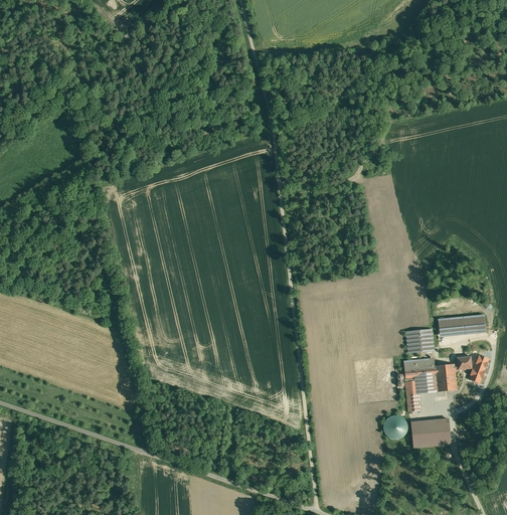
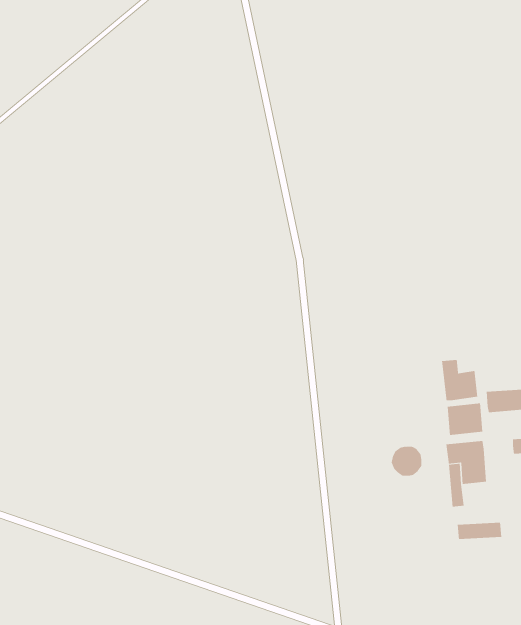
building: none -> [442,359,478,401]
building: [436,363,458,391] -> none
building: [382,415,407,440] -> [391,446,422,476]

